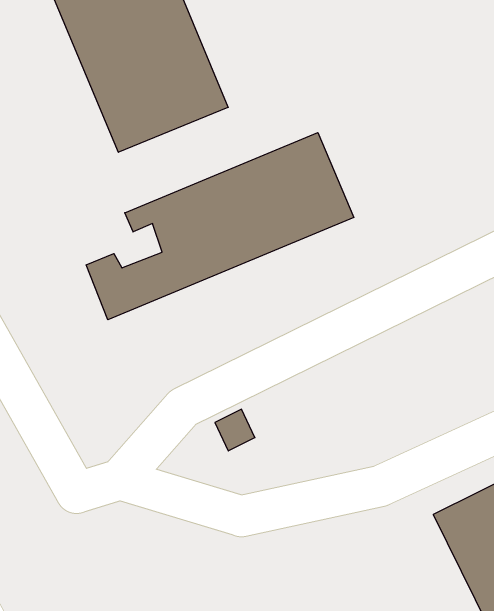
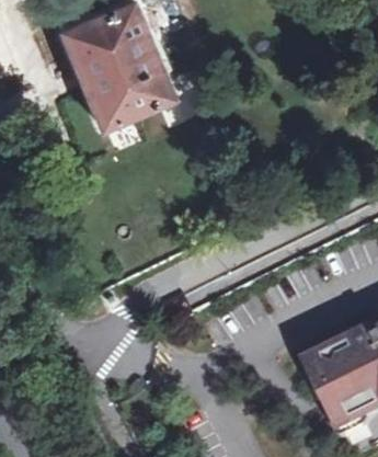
building: [86,133,354,320] -> none

